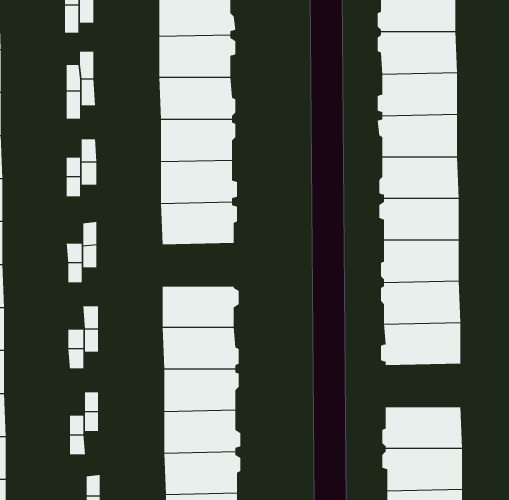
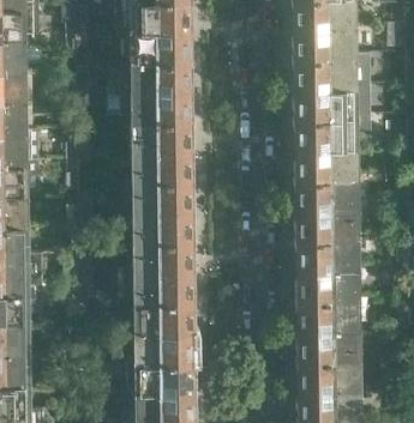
building: none -> [140,204,197,235]
building: none -> [299,291,358,322]

